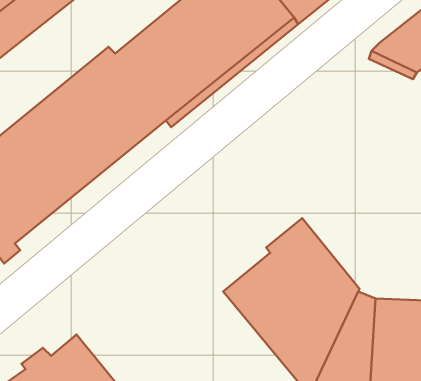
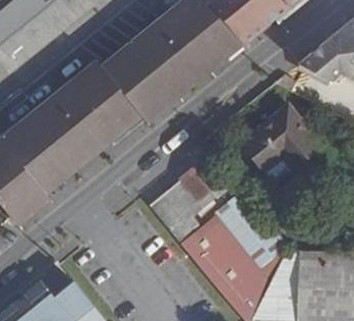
building: none -> [242,106,321,183]
building: none -> [151,160,227,243]

